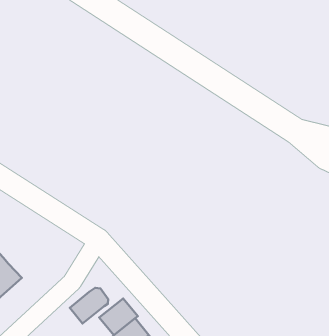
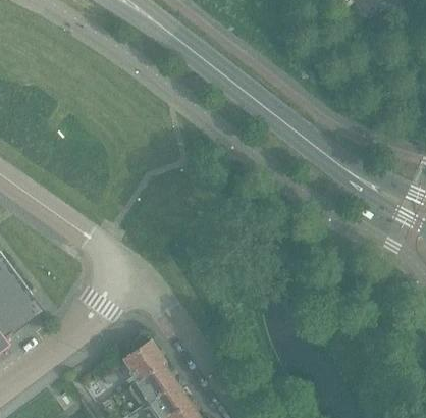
building: [70,288,108,324] -> none

